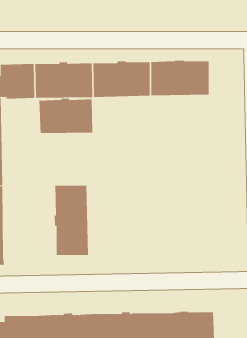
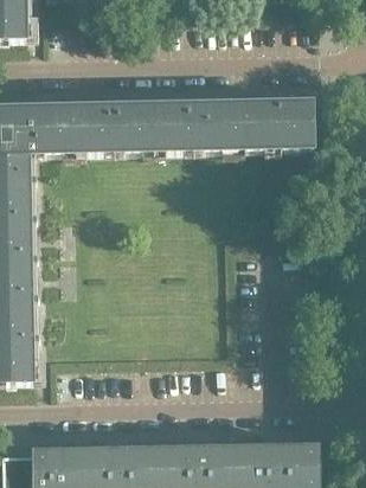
building: [39,98,93,134] -> none
building: [54,185,89,256] -> none

